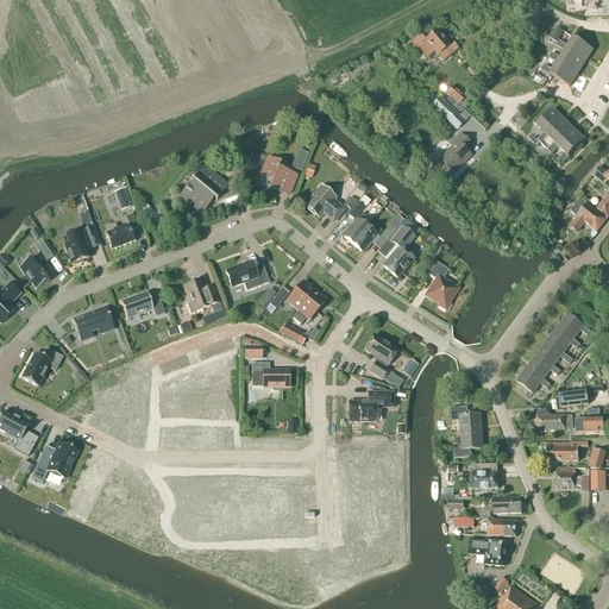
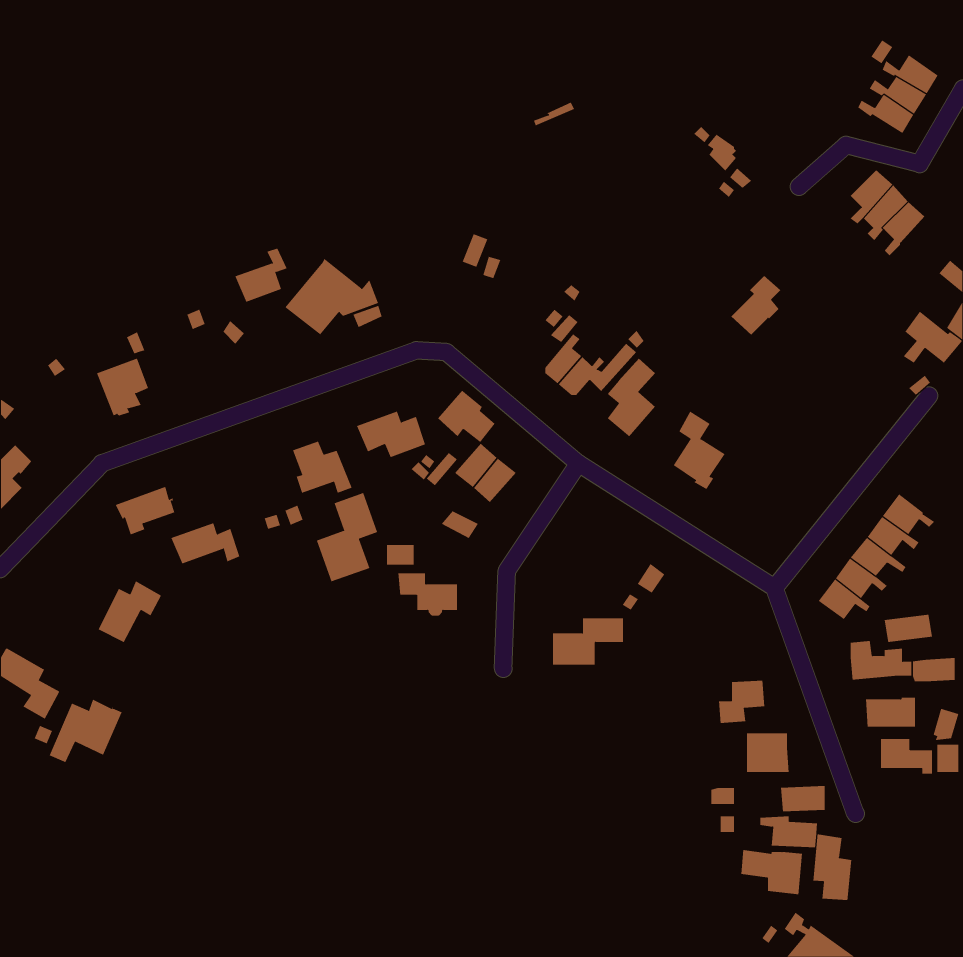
building: [409,29,450,58] -> none
building: [439,132,471,170] -> [730,275,781,335]
building: [260,156,295,192] -> none
building: [306,186,343,219] -> [437,390,496,443]
building: [105,213,138,247] -> [235,248,287,303]
building: [19,239,52,288] -> none
building: [120,290,164,316] -> [170,523,240,564]
building: none -> [316,492,378,582]
building: [364,333,393,377] -> none
building: [21,346,62,385] -> [98,581,162,643]
building: [451,404,482,431] -> none
building: none -> [813,834,852,901]

